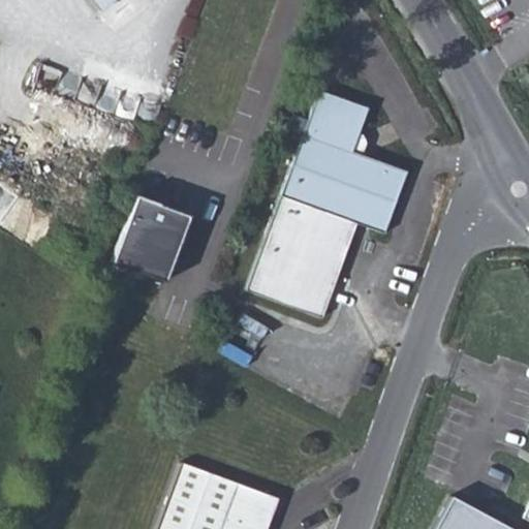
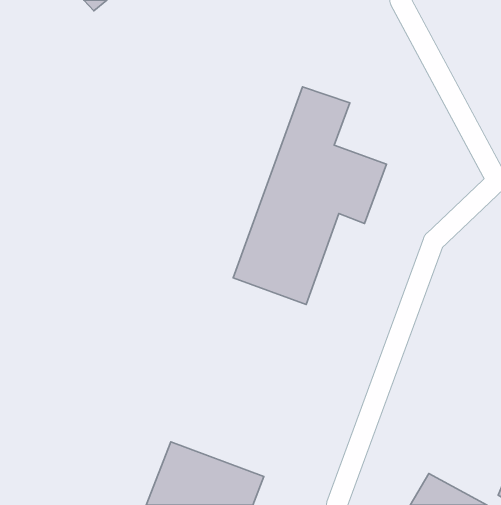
building: [114,195,191,282] -> none

